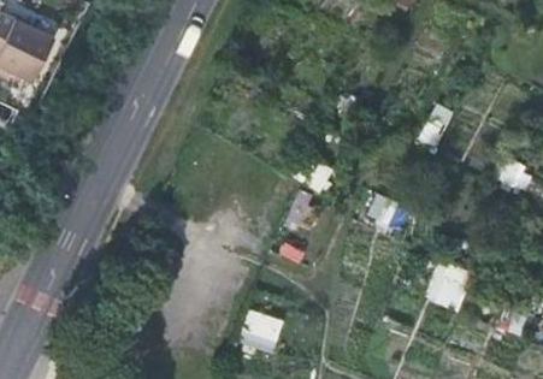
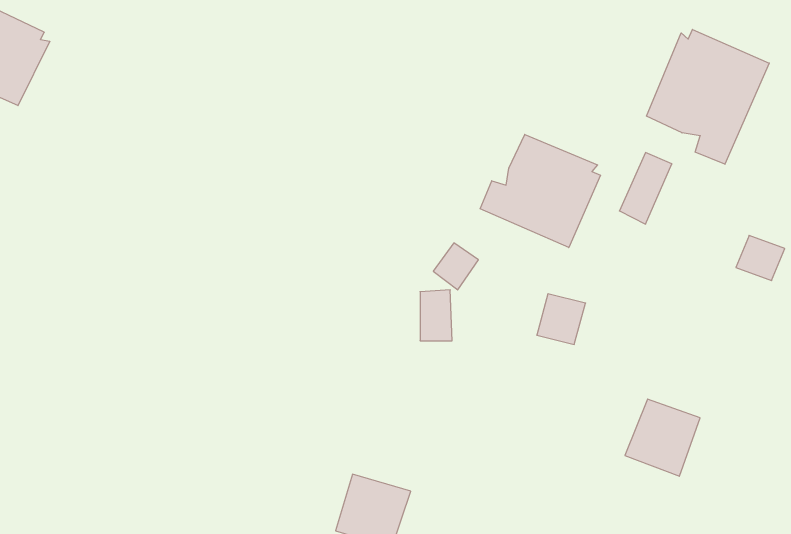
building: none -> [646,29,769,164]
building: none -> [480,134,600,248]

